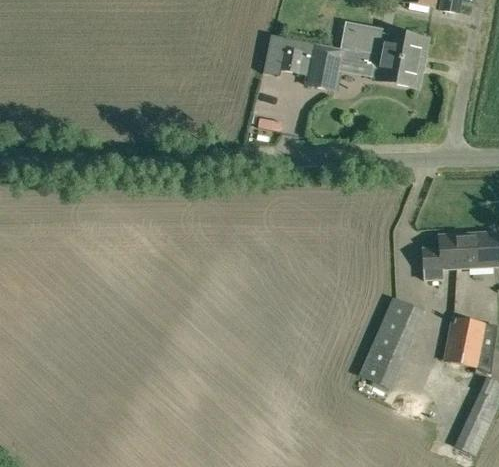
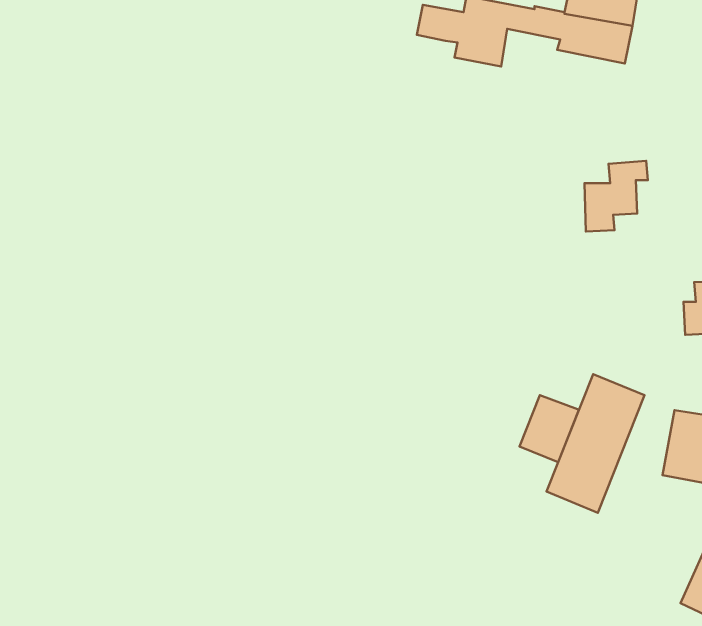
building: [421,232,463,279] -> [584,161,648,232]
building: none -> [520,395,579,462]

